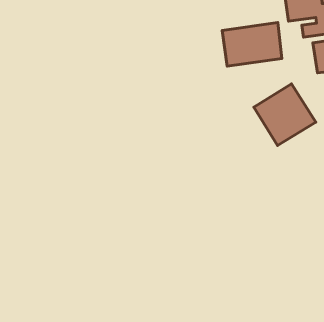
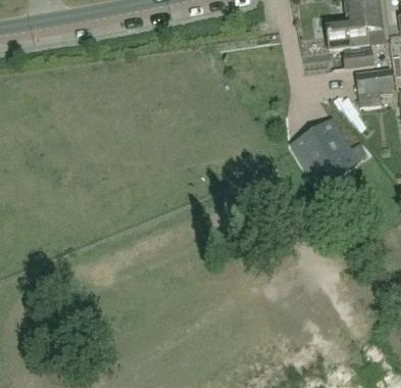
building: [222,23,282,66] -> none

